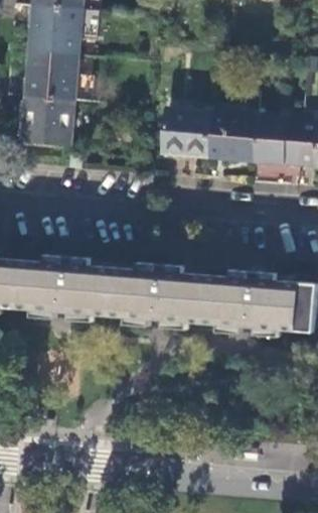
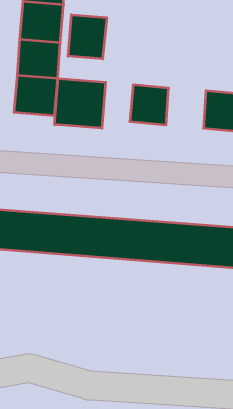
building: none -> [68,15,107,59]
building: none -> [55,79,106,128]
building: [206,113,255,161] -> none

